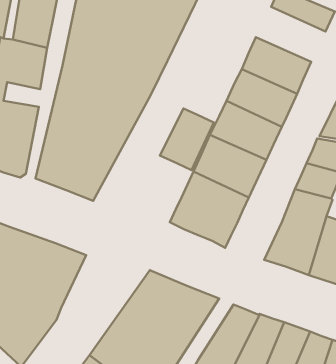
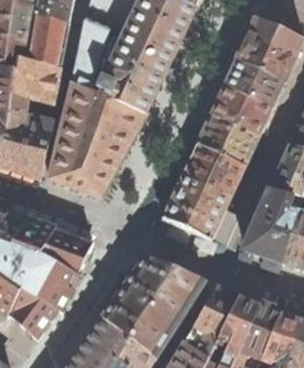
building: none -> [236,34,295,81]
building: [160,108,214,170] -> none

